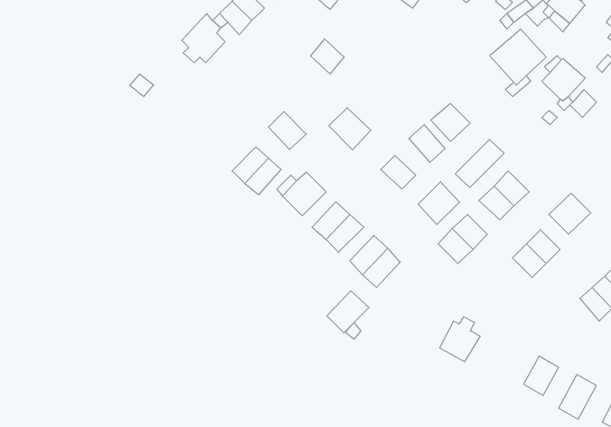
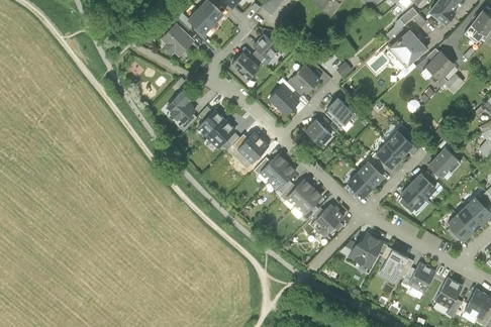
building: [431,103,470,141] -> [294,66,322,93]
building: [268,112,306,150] -> [233,53,261,81]
building: none -> [165,95,196,126]
building: [455,139,504,187] -> none
building: [418,182,460,225] -> none
building: [327,291,369,333] -> [314,205,345,235]
building: none -> [381,250,408,281]

